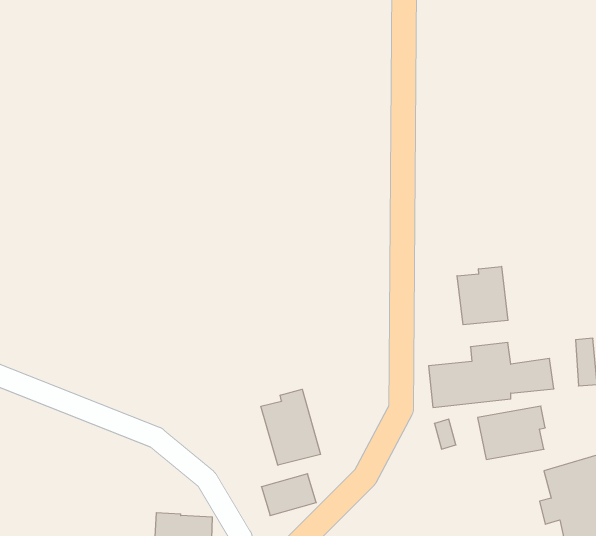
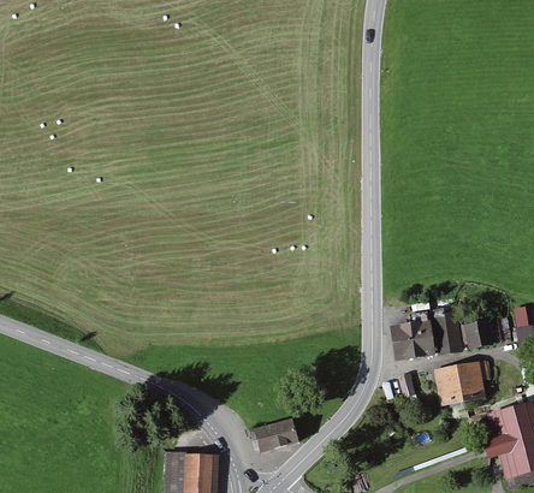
building: [457,266,508,325] -> none
building: [261,389,321,465] -> none

